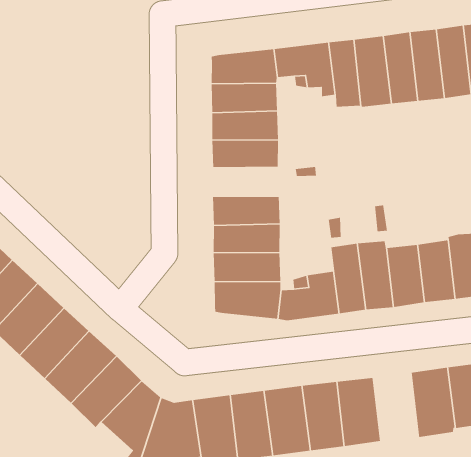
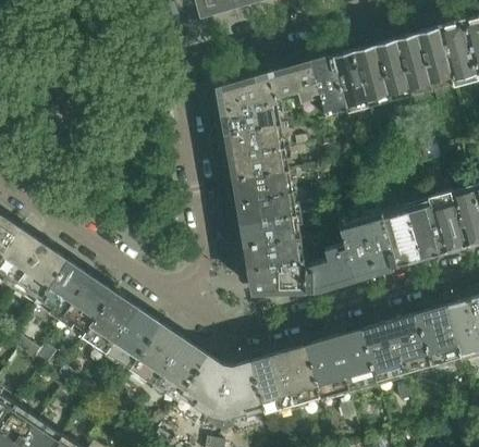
building: none -> [233,169,290,200]
building: none -> [386,314,430,373]

